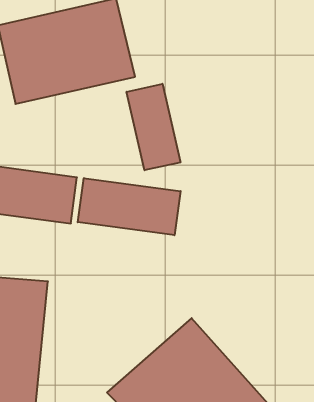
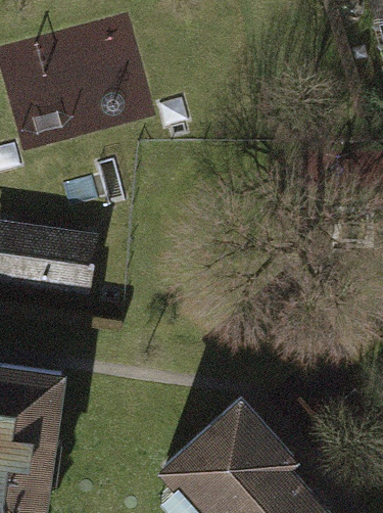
building: [127,84,180,170] -> none
building: [78,178,181,235] -> none

